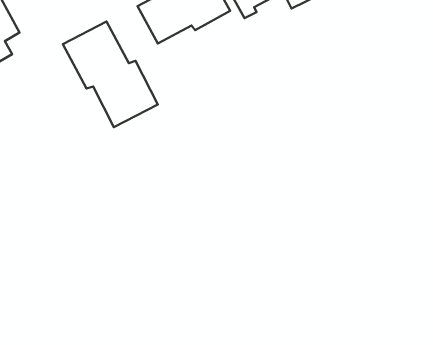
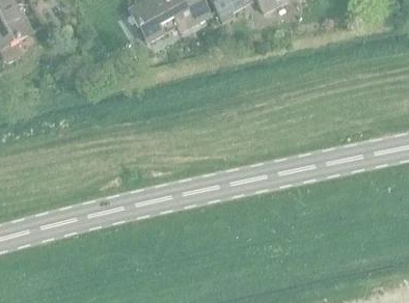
building: [63,21,158,127] -> none

